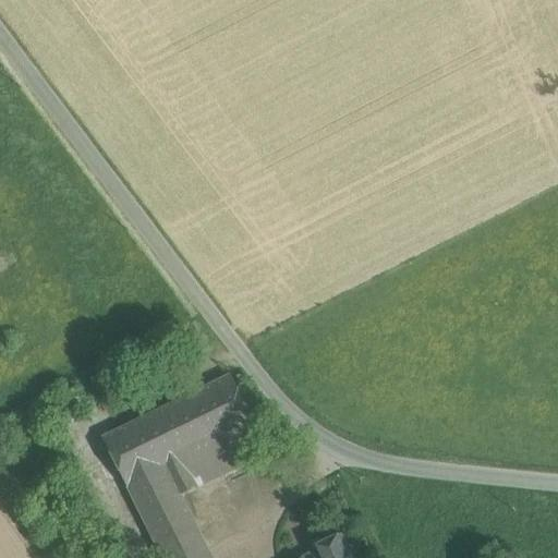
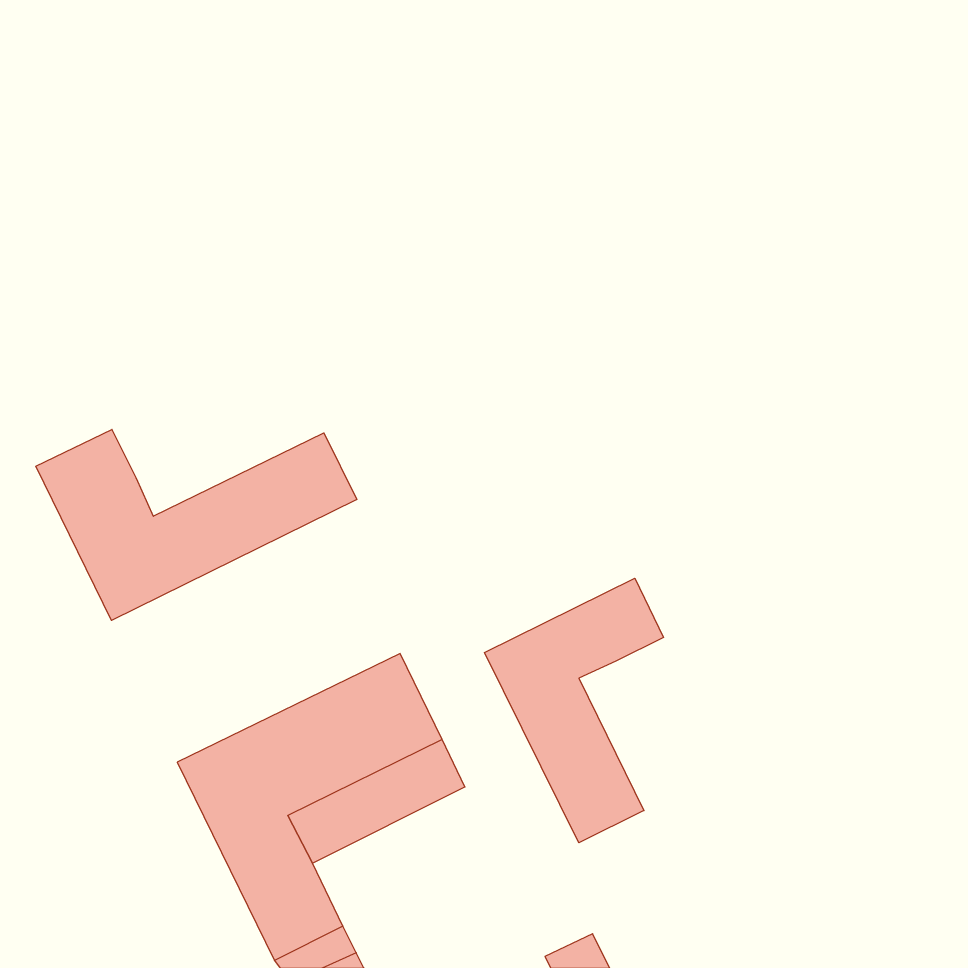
building: none -> [36,429,357,620]
building: none -> [484,578,663,843]

